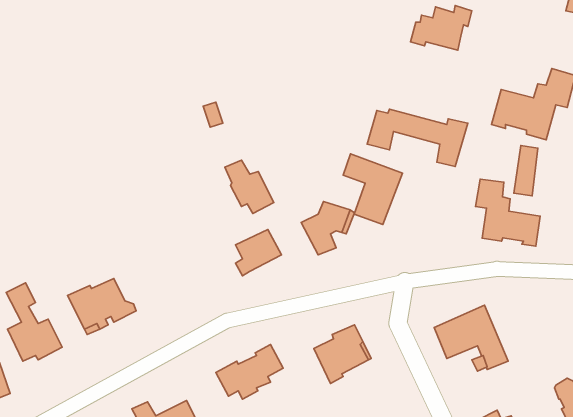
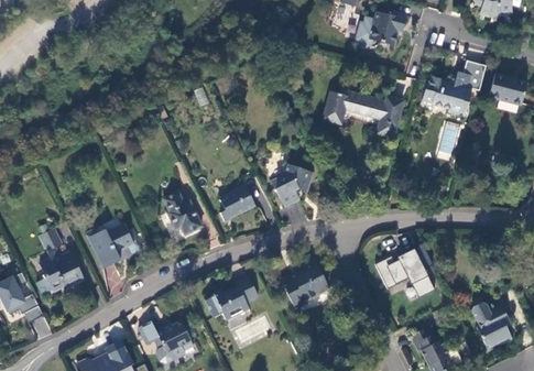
building: [343,154,402,224] -> none
building: [225,160,274,214] -> [164,193,203,234]
building: [476,179,540,246] -> none

